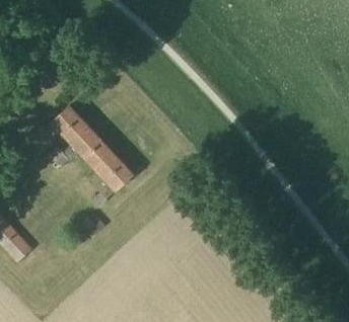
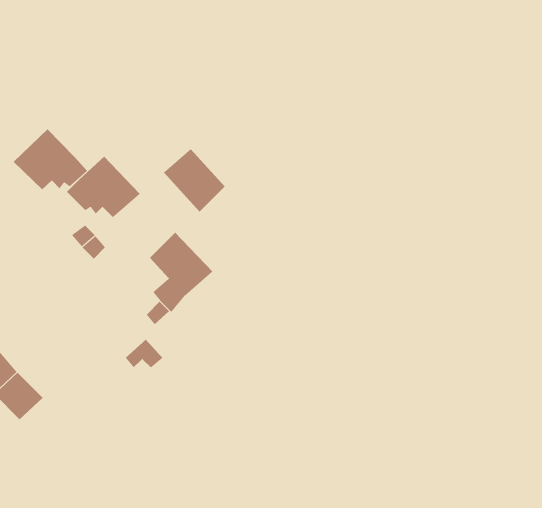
building: none -> [13,129,88,190]
building: [75,128,112,165] -> [163,148,225,212]

